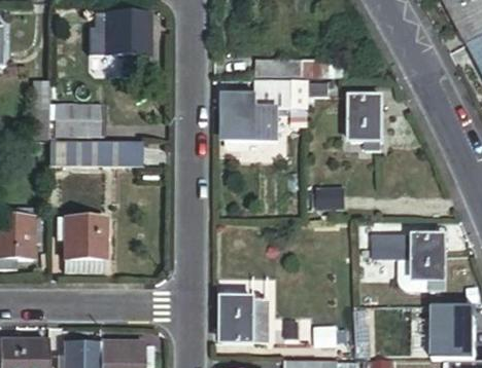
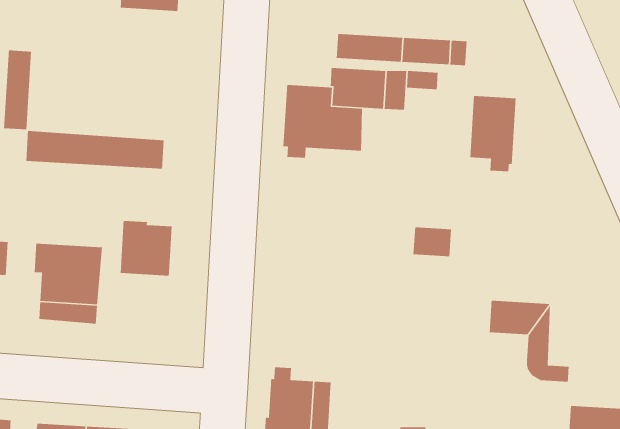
building: [53,105,99,137] -> none
building: none -> [120,220,172,277]
building: [413,237,444,288] -> none

